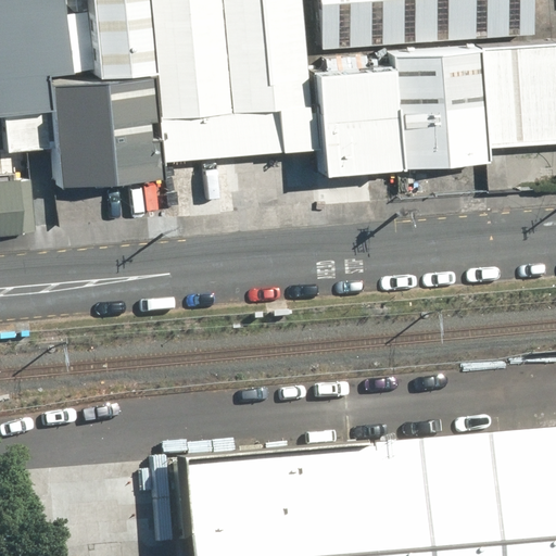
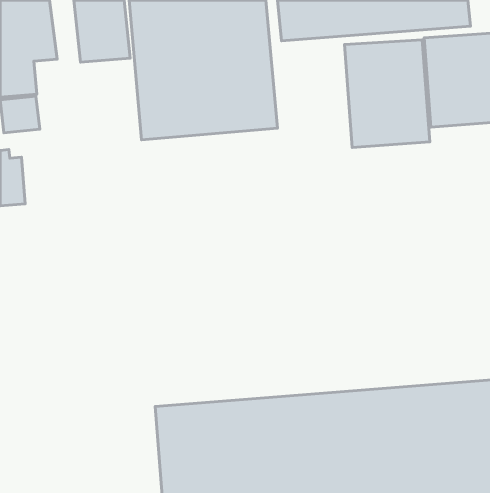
building: [314,65,397,174] -> none
building: [50,74,163,187] -> none

